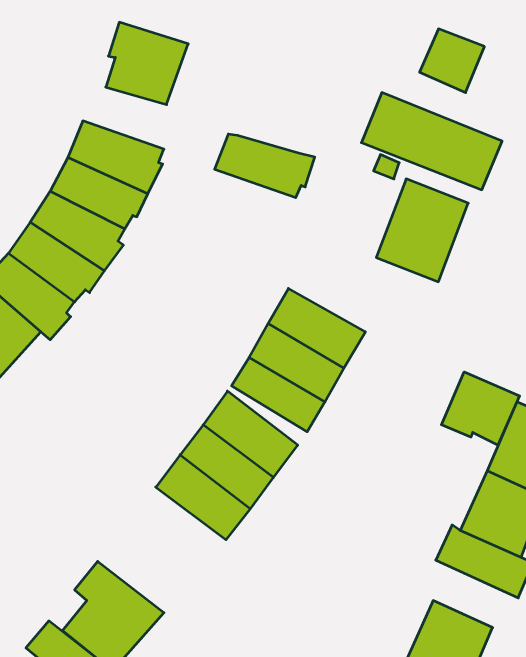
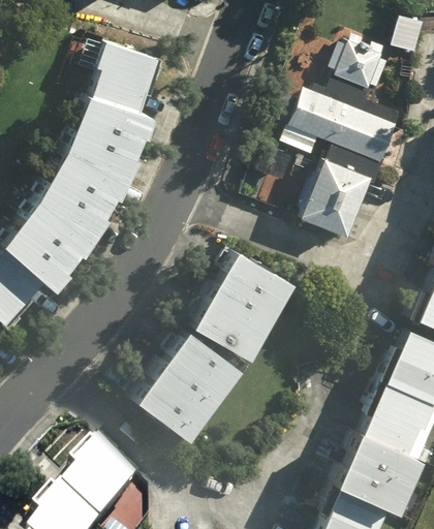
building: [215,134,315,198] -> [81,89,157,137]
building: [441,372,520,445] -> none
building: none -> [338,452,413,507]

